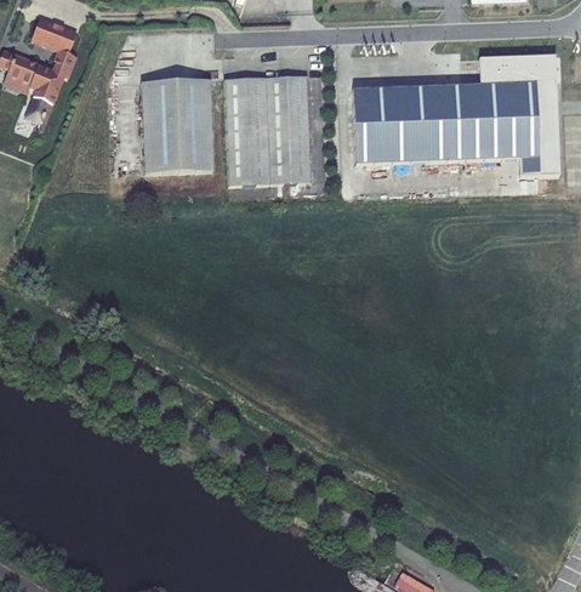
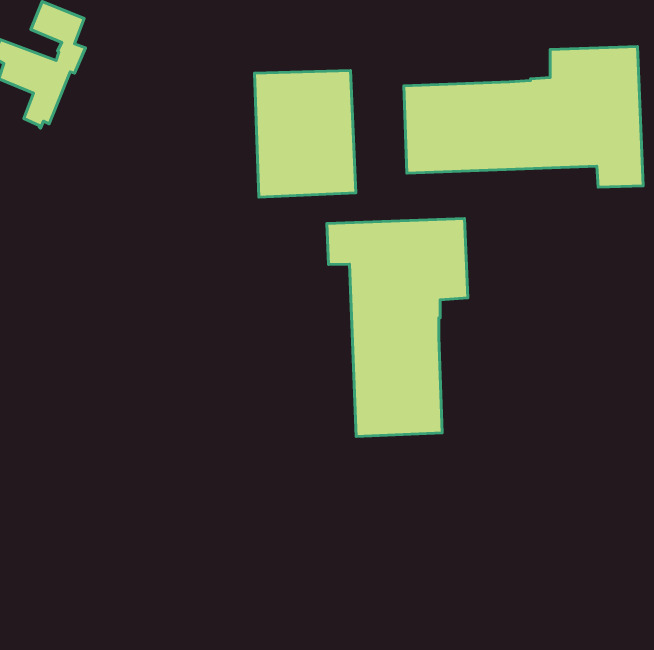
building: [141,79,213,172] -> none
building: none -> [327,219,468,437]

